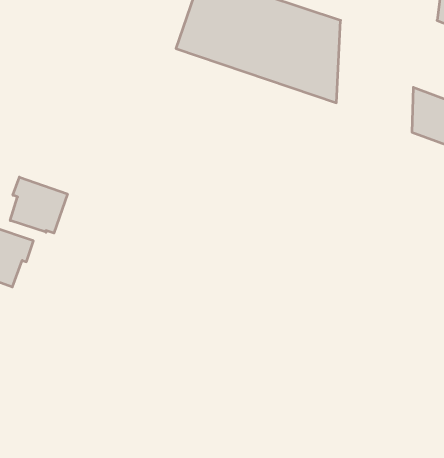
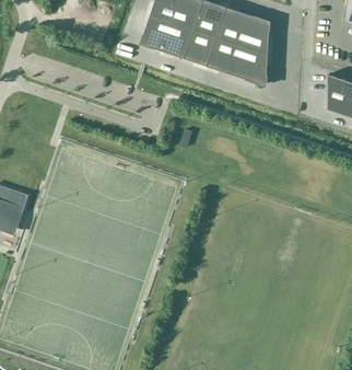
building: [10,177,67,233] -> none

